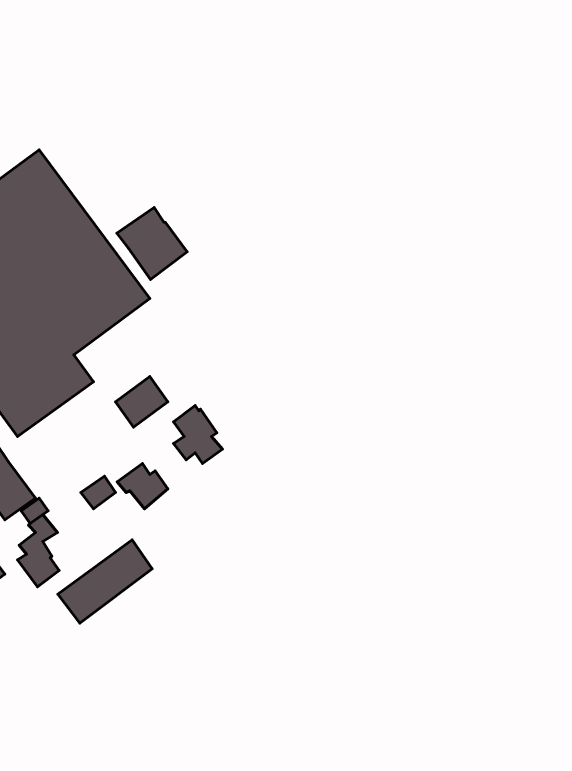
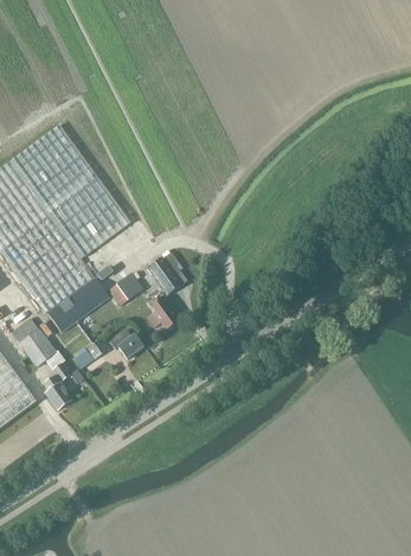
building: [117,208,187,279] -> none
building: none -> [147,257,186,295]
building: [58,540,152,623] -> [46,277,108,332]

